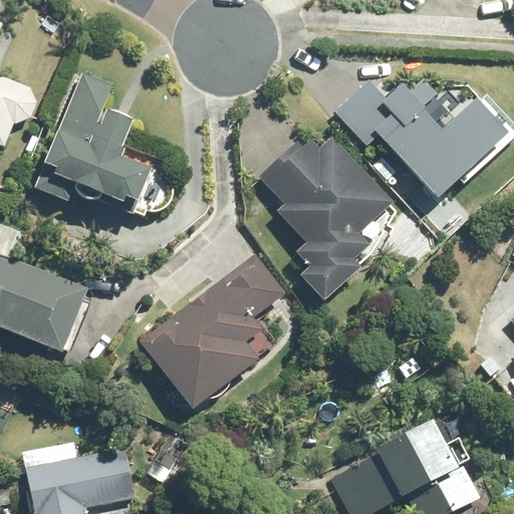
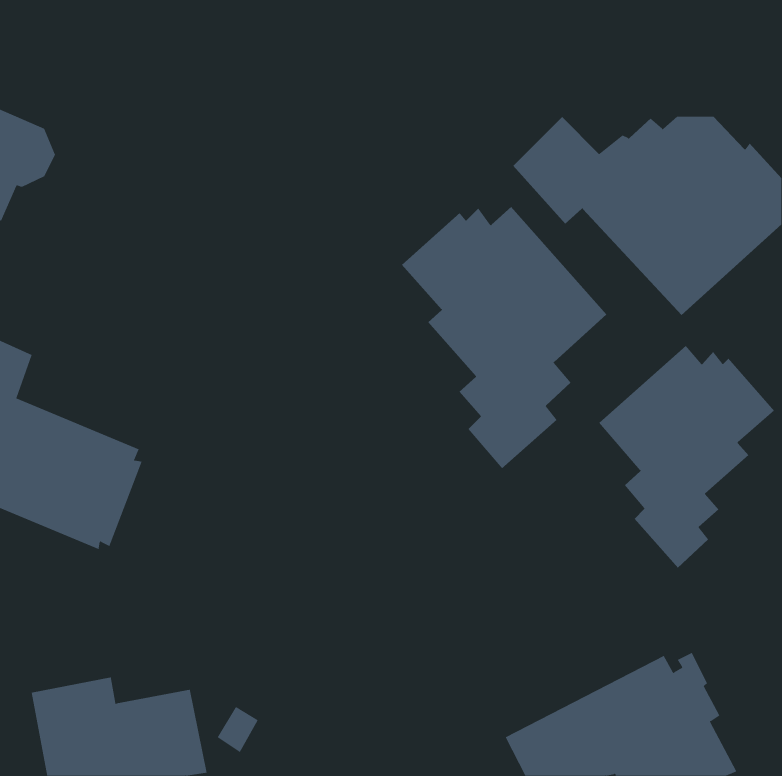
building: [33,72,151,218] -> none
building: none -> [598,345,775,569]
building: [139,251,285,413] -> none

